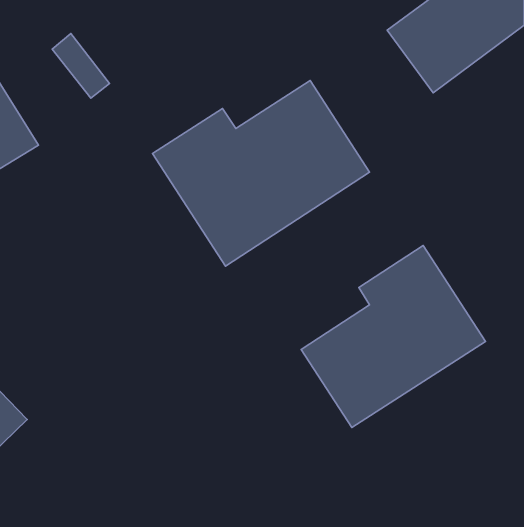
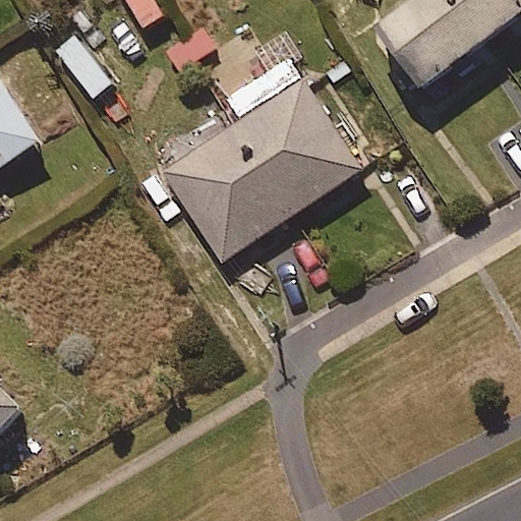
building: [301,245,485,428] -> none

